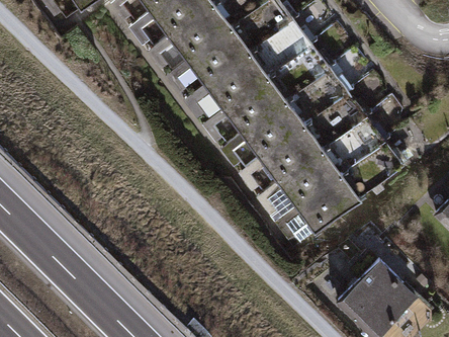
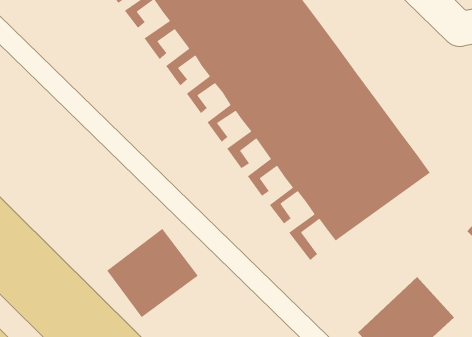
building: none -> [106,228,199,318]

